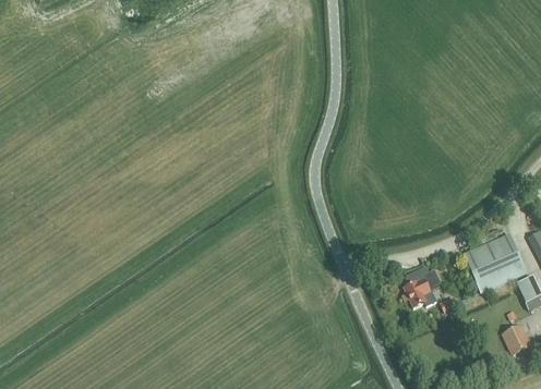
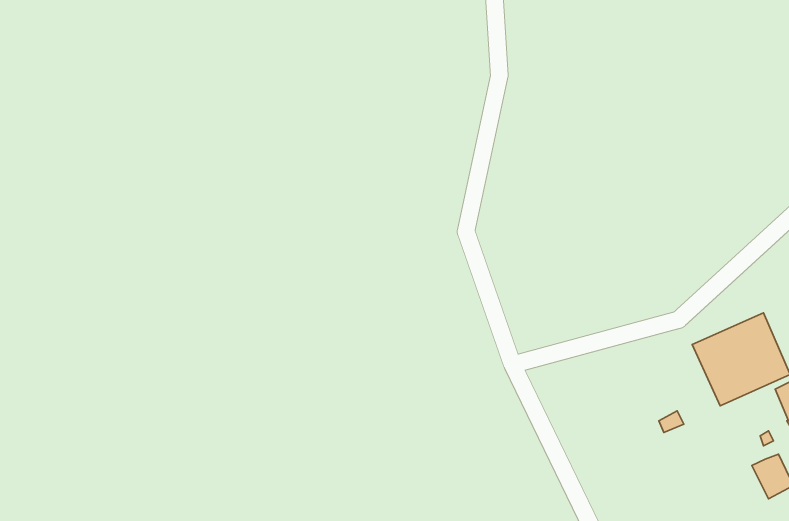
building: [401,265,441,306] -> none

